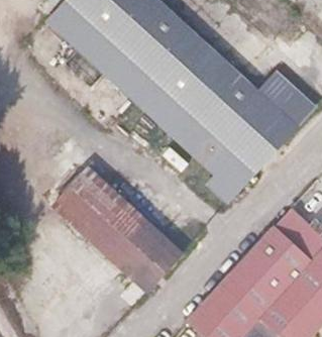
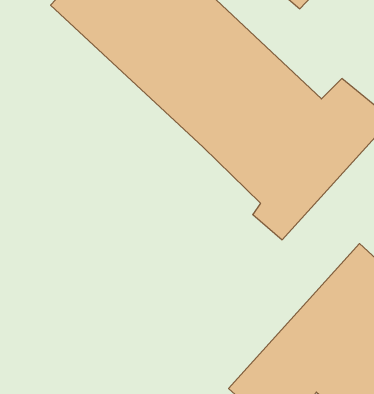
building: [51,166,185,296] -> none

